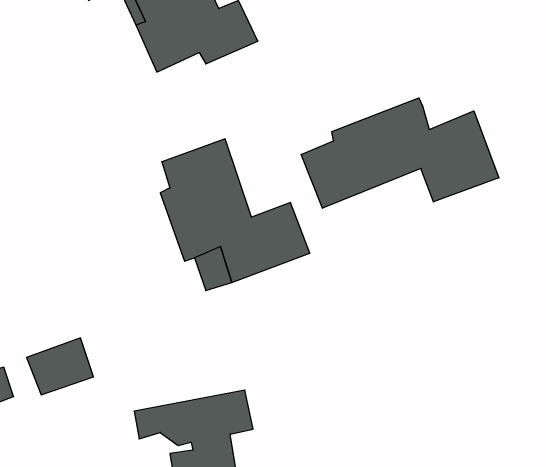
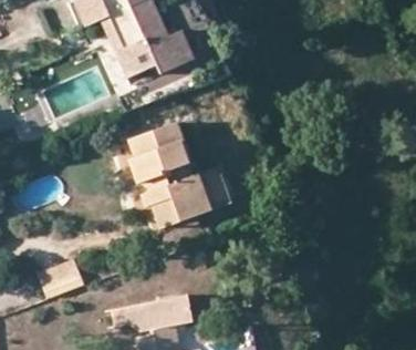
building: [301,98,499,208] -> none

